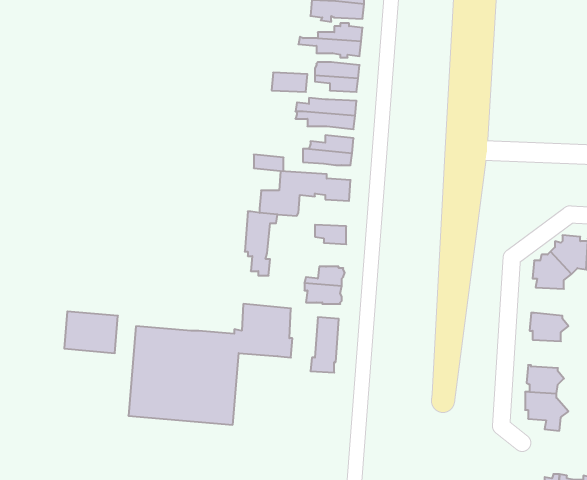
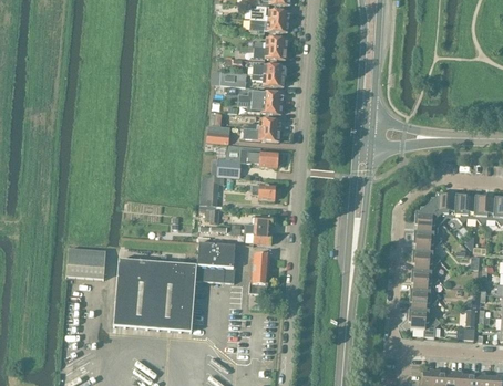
building: none -> [412,229,441,251]
building: none -> [410,269,439,290]

